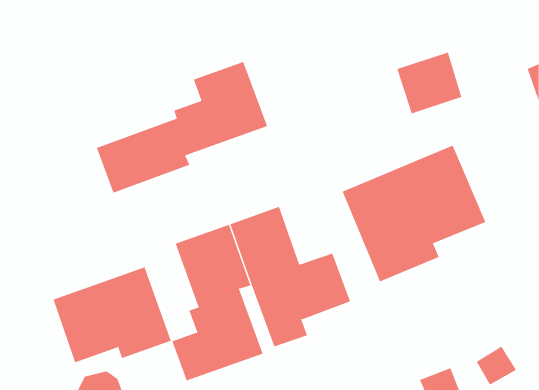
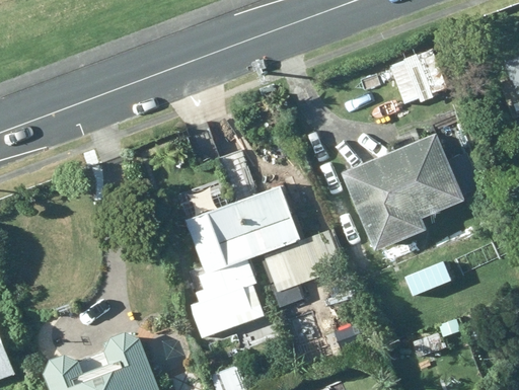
building: [96,61,268,194] -> none
building: [53,267,172,363] -> none

